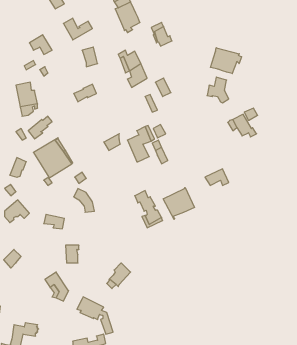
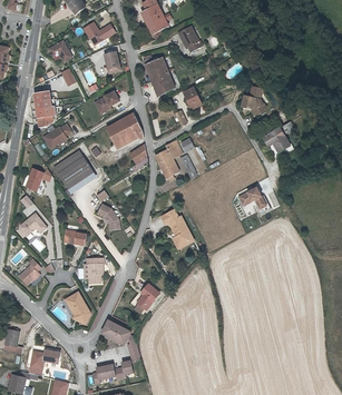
building: [210,48,242,74] -> none
building: none -> [106,115,143,148]
building: [163,188,194,219] -> none

